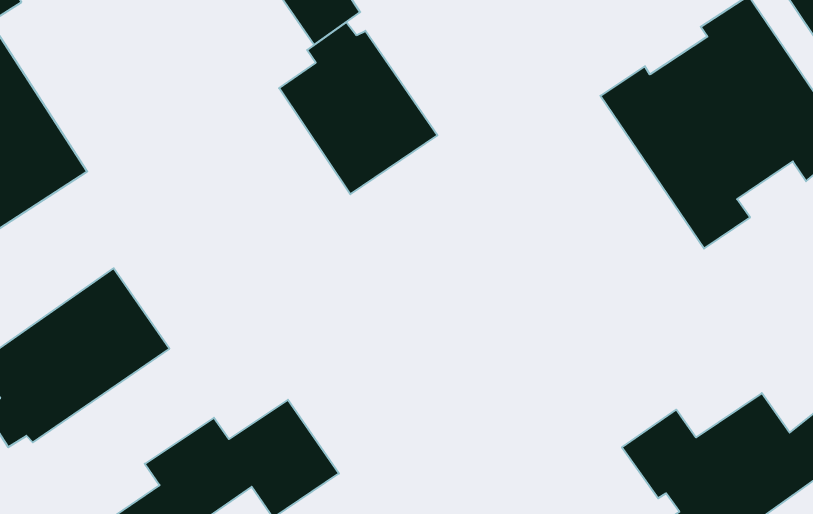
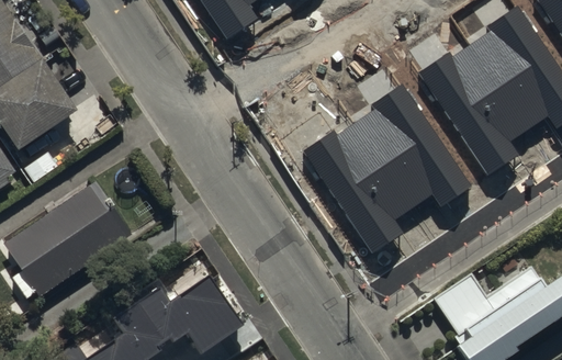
building: [279,22,437,194] -> none
building: none -> [303,81,472,250]

